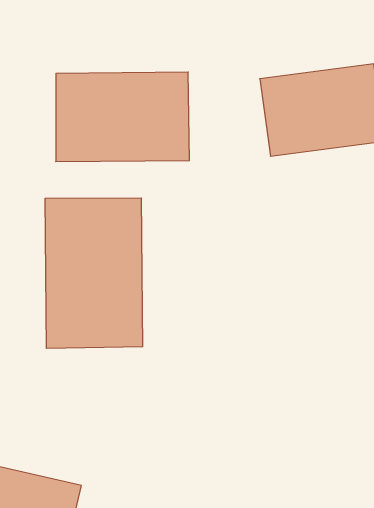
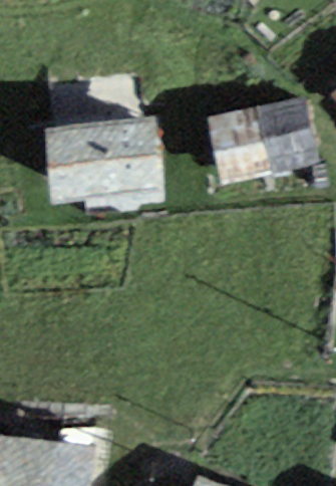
building: [45,198,143,348] -> none

